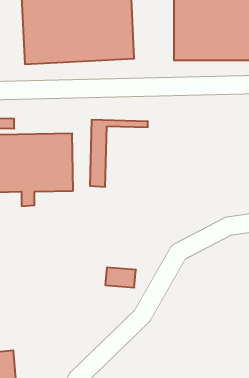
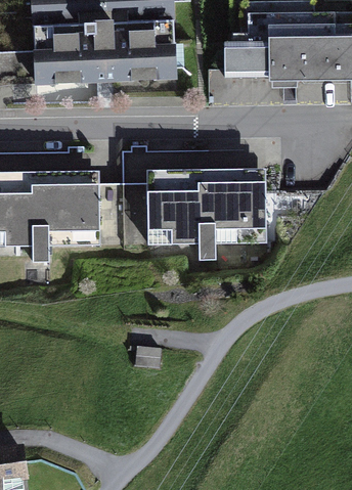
building: none -> [147,170,264,262]

